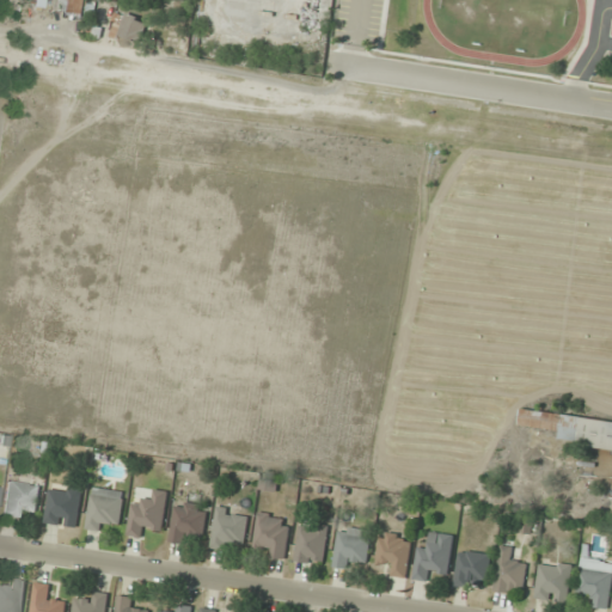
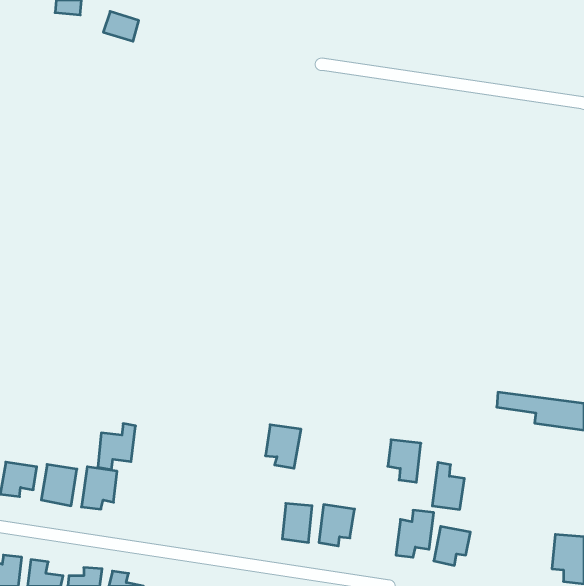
building: [127,489,166,537] -> [98,424,136,470]
building: [171,502,203,541] -> none
building: [209,507,247,550] -> none
building: [252,513,289,558] -> [265,425,301,468]
building: [375,532,410,576] -> [388,440,421,482]
building: [492,545,526,594] -> [432,462,464,509]
building: [533,561,571,602] -> none

